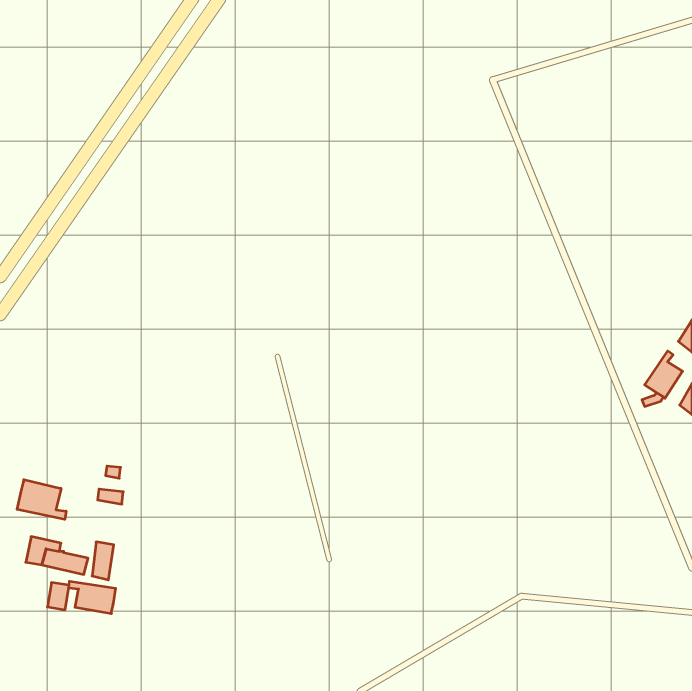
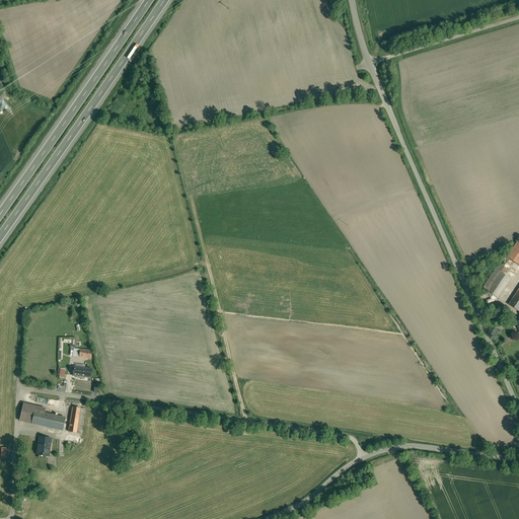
building: [17,480,66,519] -> none
building: [69,581,116,614] -> none

